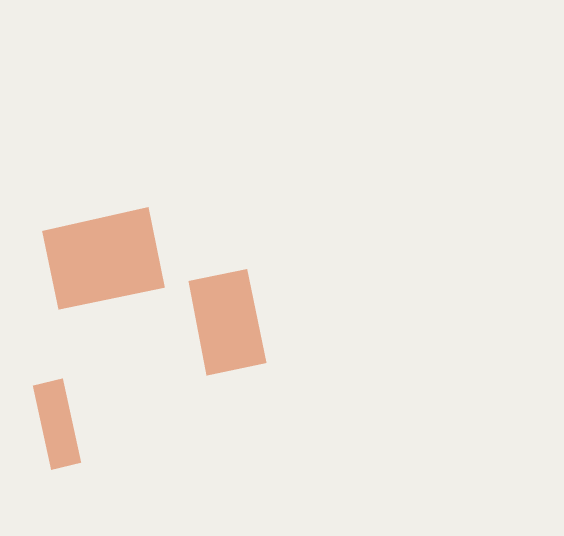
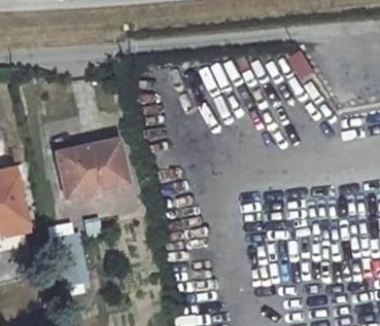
building: [187,268,268,376] -> none

